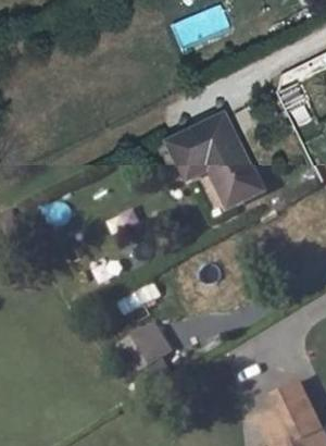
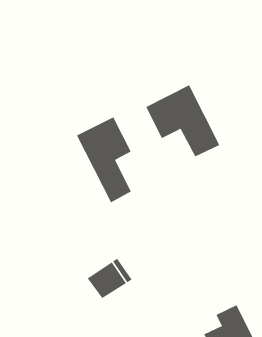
building: none -> [76,117,132,203]

